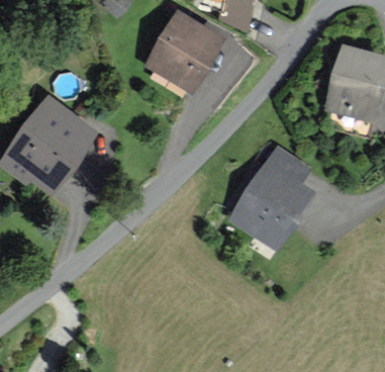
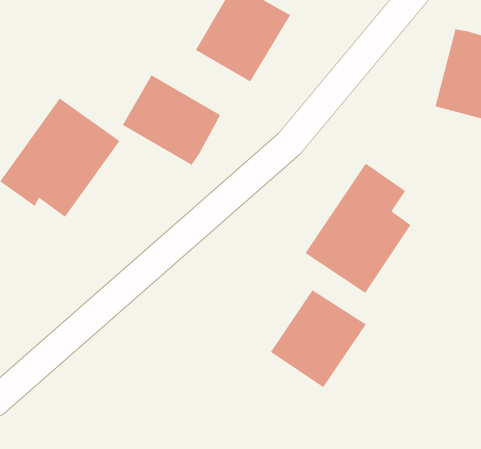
building: none -> [122,74,221,166]
building: none -> [270,289,367,388]

